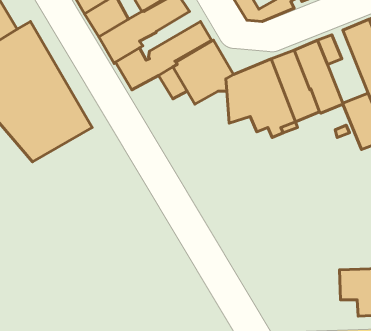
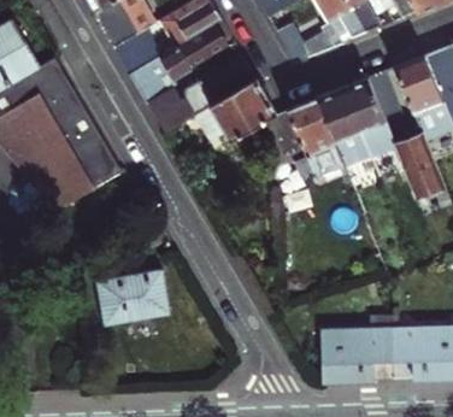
building: none -> [96,270,170,327]
building: none -> [319,316,393,382]

